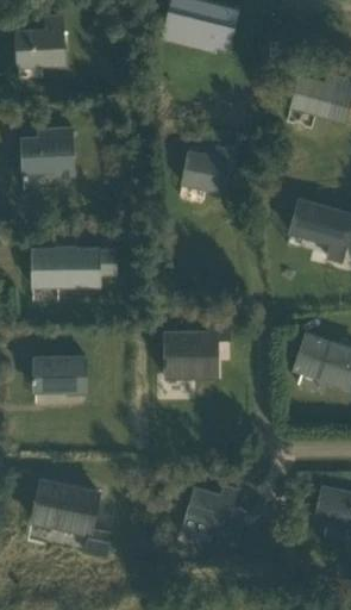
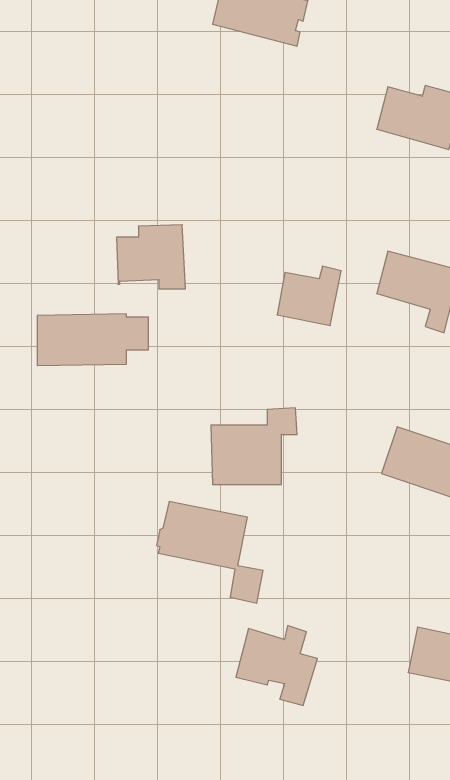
building: [15,15,64,67] -> none
building: [21,129,74,178] -> [117,225,185,289]
building: [182,148,231,193] -> [277,266,341,326]
building: [33,356,86,394] -> none
building: [30,481,111,559] -> [157,502,263,603]

